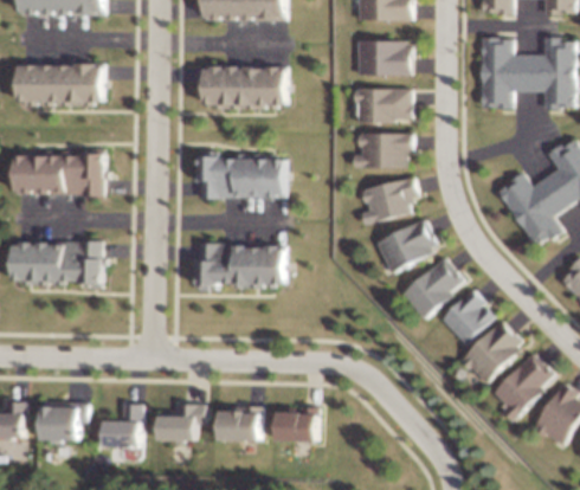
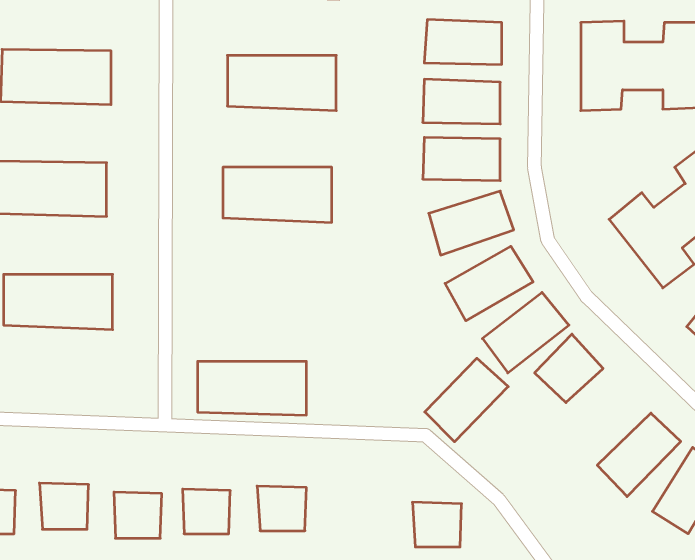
building: [193,244,279,286] -> [198,361,306,415]
building: [460,320,527,386] -> [425,358,508,442]
building: [277,407,316,443] -> [412,502,462,547]

